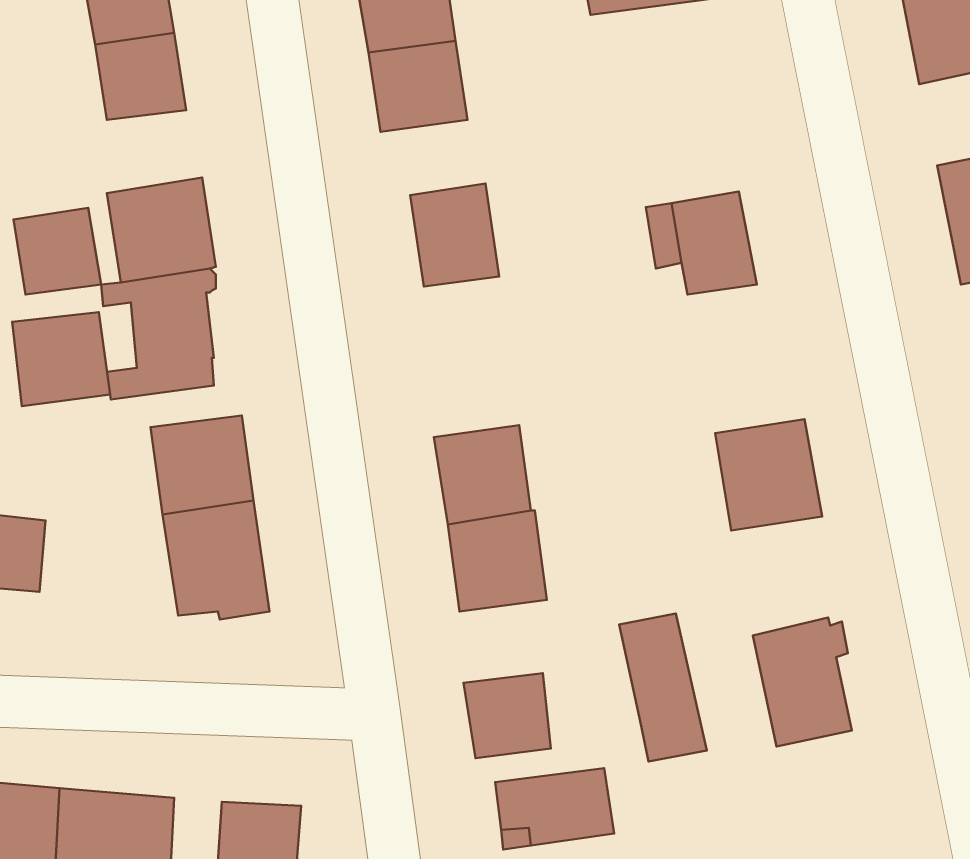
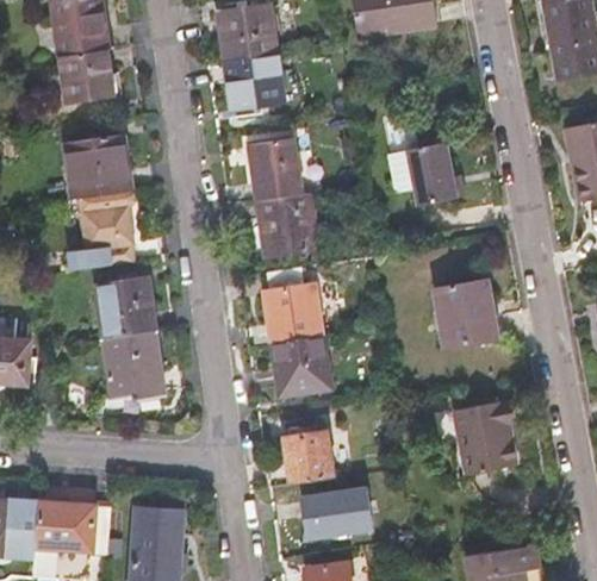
building: [13,208,101,295] -> none
building: none -> [257,193,317,257]
building: [12,312,110,406] -> none
building: [619,614,707,762] -> none

